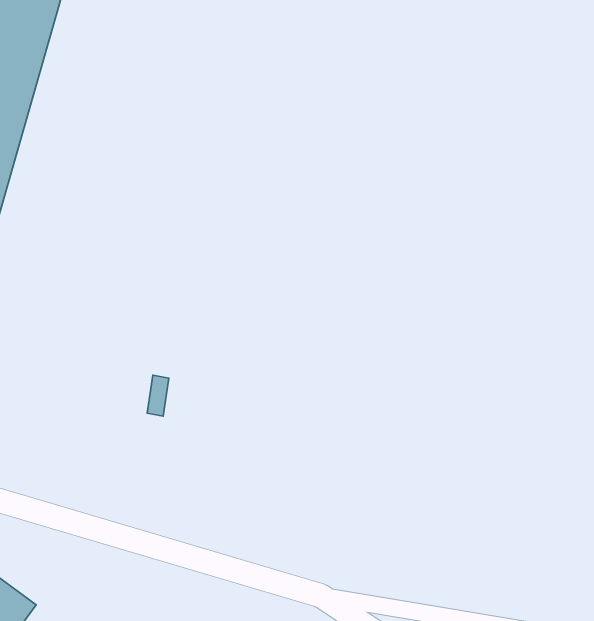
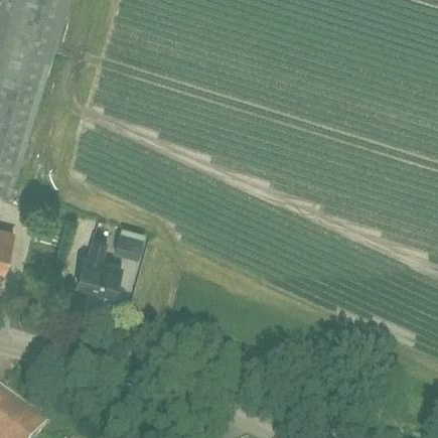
building: none -> [114,233,144,259]
building: none -> [77,240,121,295]

